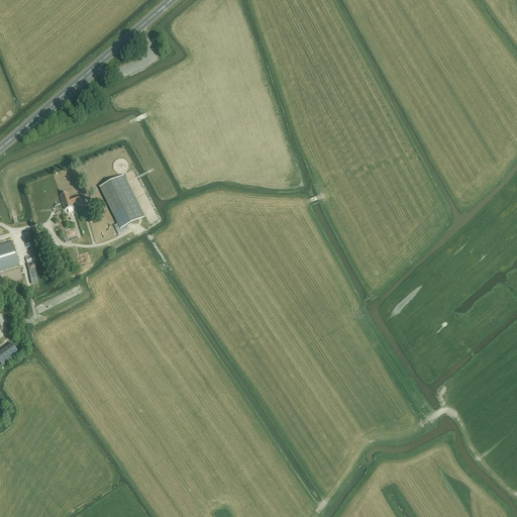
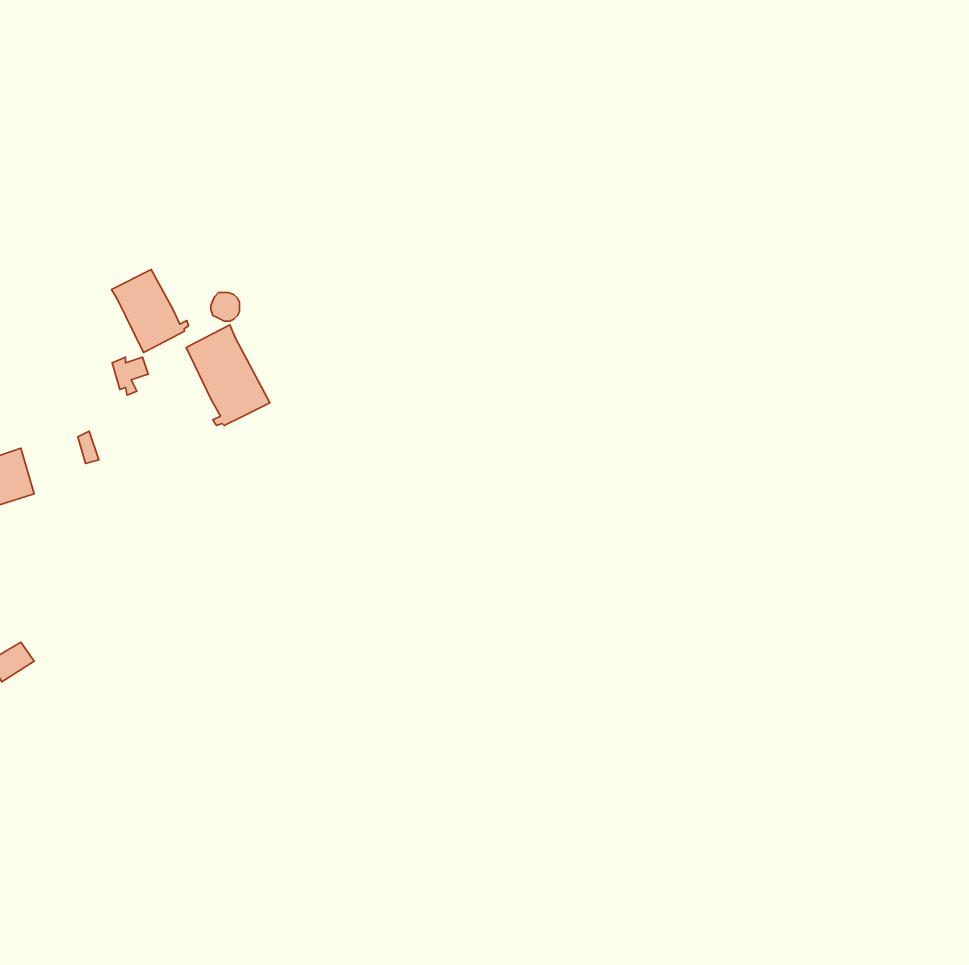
building: none -> [111,269,189,353]

